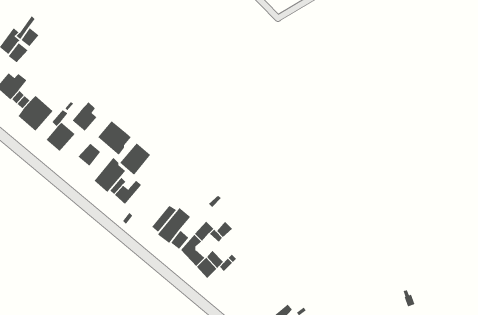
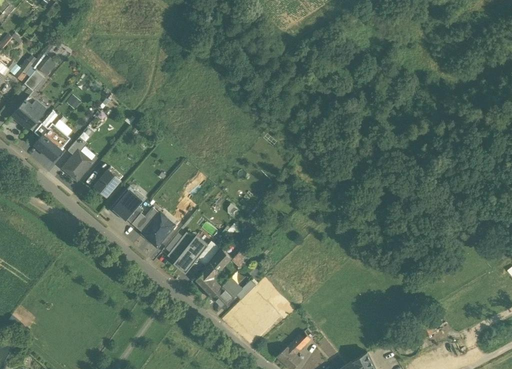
building: [72,101,97,132] -> none
building: [97,120,132,156] -> none
building: [119,143,151,176] -> [142,213,174,246]

